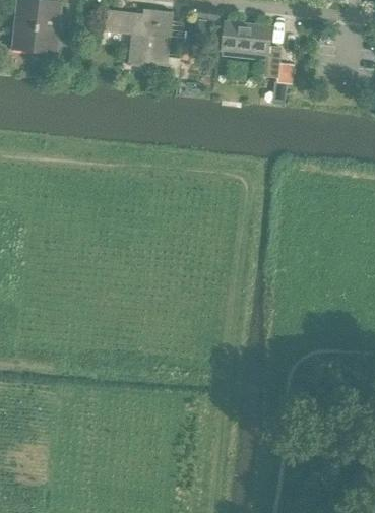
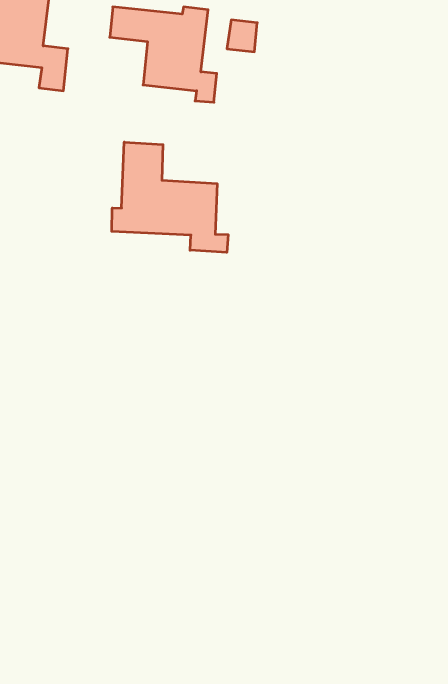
building: [220,21,279,77] -> none
building: none -> [112,142,228,252]

